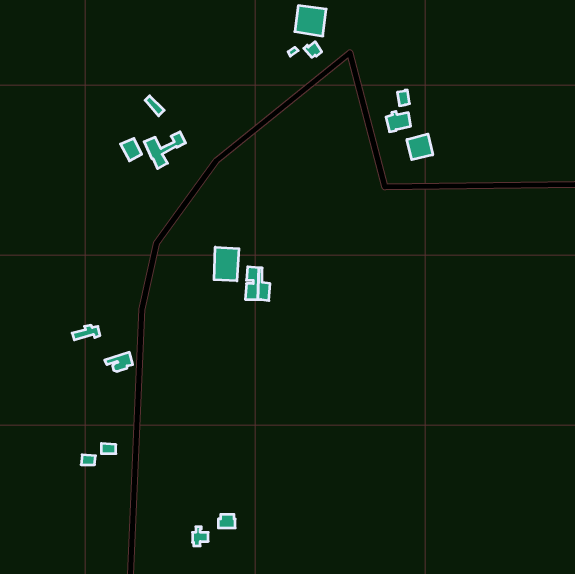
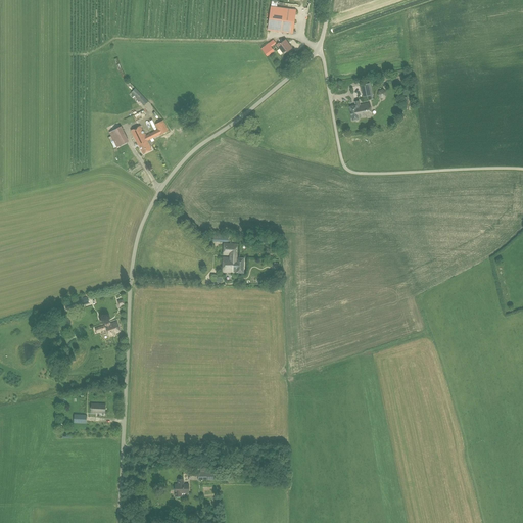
building: [407,134,433,160] -> none
building: [214,247,239,281] -> none

